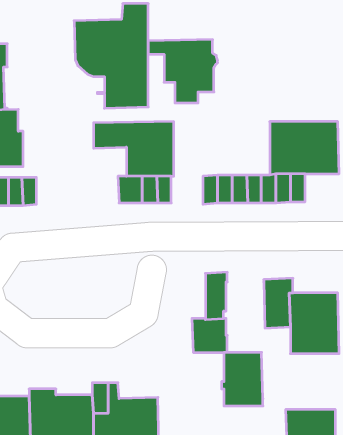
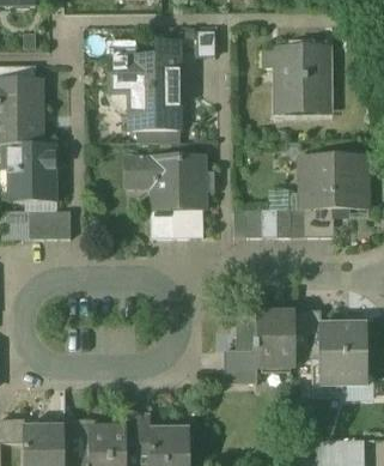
building: [148,40,218,103] -> [262,49,330,111]
building: [222,352,263,406] -> [254,314,294,367]

